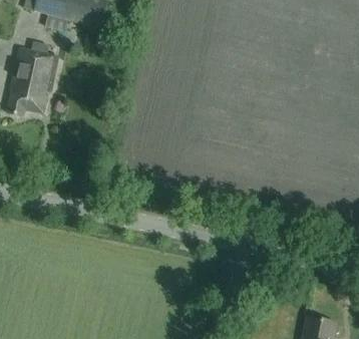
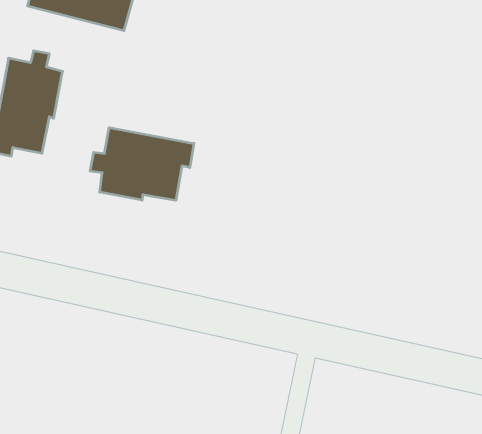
building: none -> [90,128,194,200]

